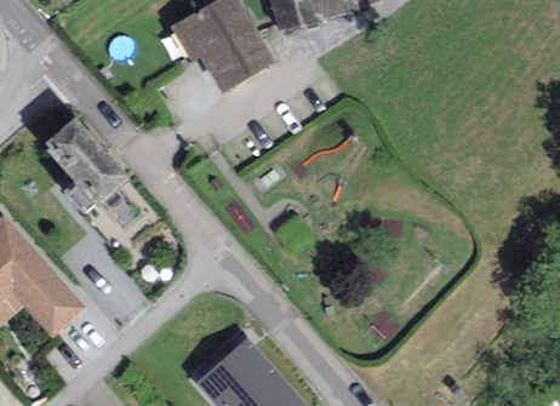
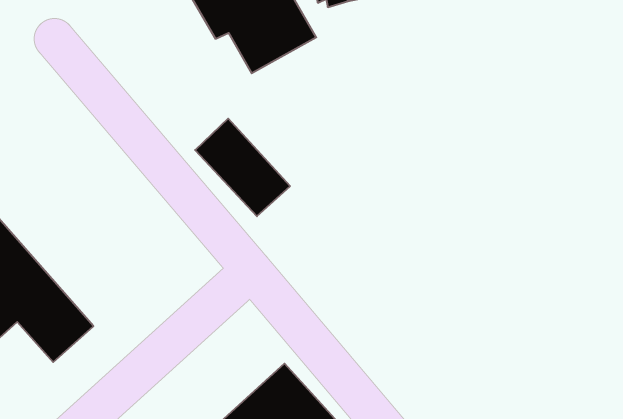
building: [47,124,127,206] -> [195,119,290,216]

